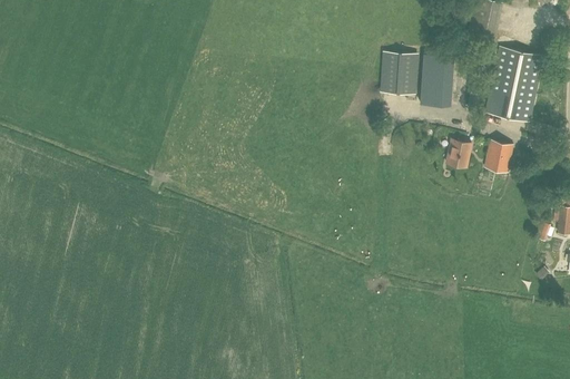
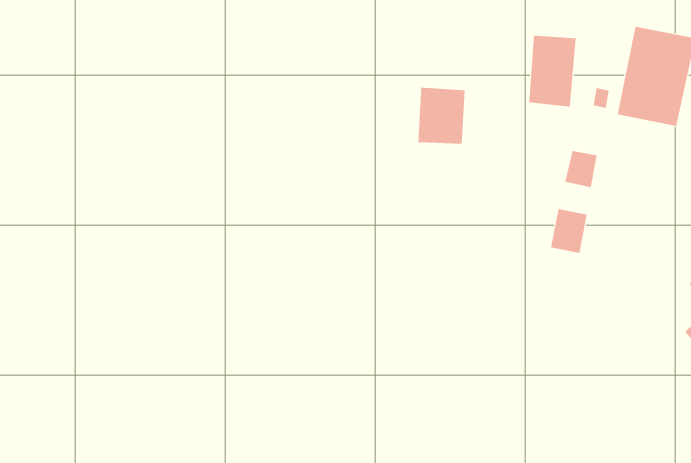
building: [381,51,416,94] -> [417,87,465,144]
building: [484,140,512,174] -> [550,209,588,253]

